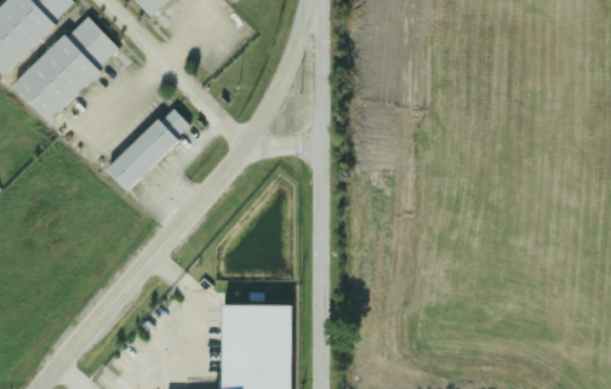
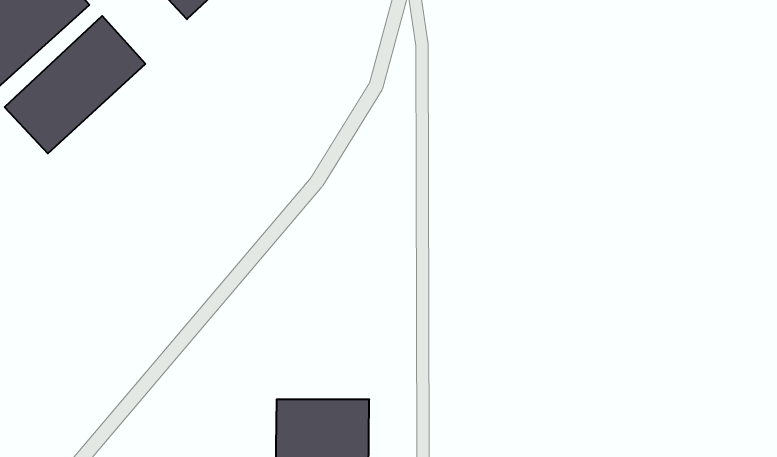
building: [108,105,192,188] -> none

